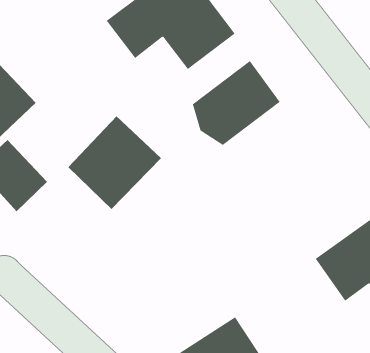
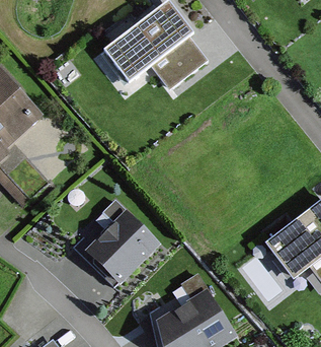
building: [192,60,280,146] -> none
building: [67,115,162,210] -> [77,205,153,281]

